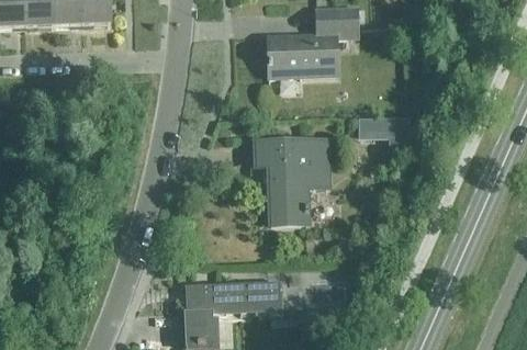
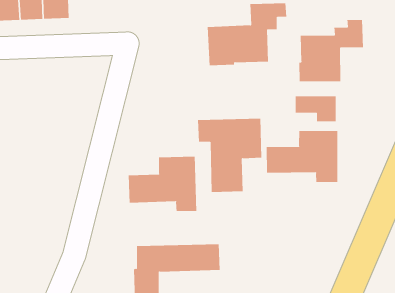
building: none -> [299,19,363,82]
building: none -> [266,130,338,183]
building: none -> [128,156,197,212]

